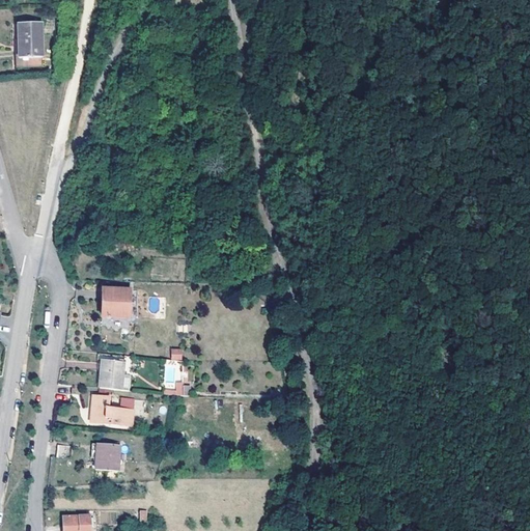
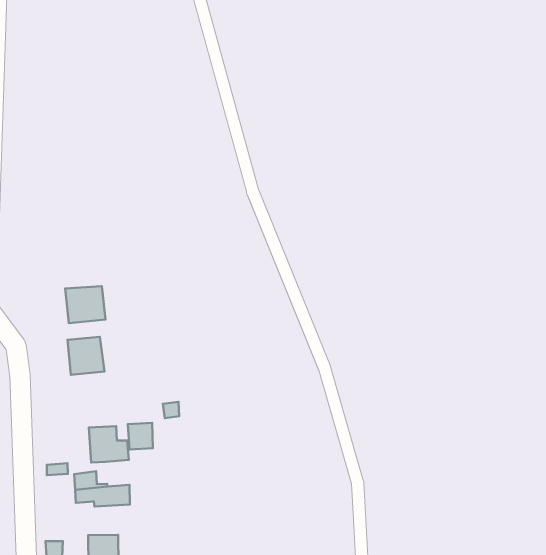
building: none -> [65,286,105,323]
building: none -> [128,423,153,450]

